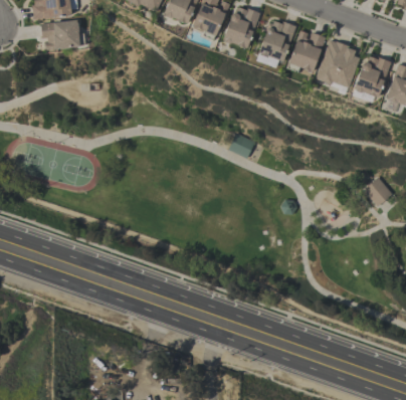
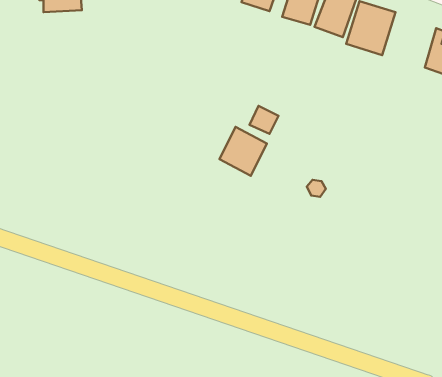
building: [353,53,391,97] -> none
building: none -> [219,127,267,176]
building: [364,176,394,206] -> none

